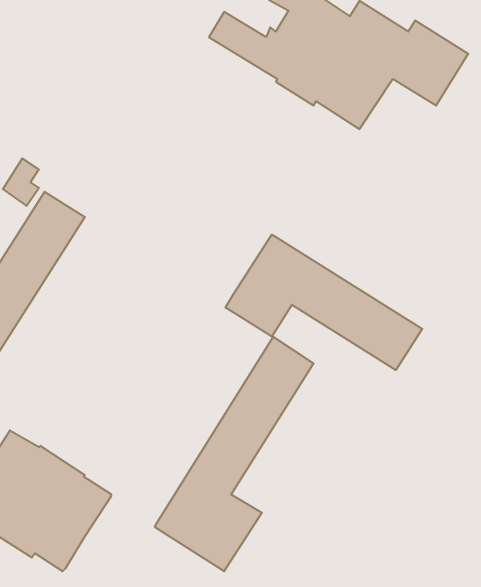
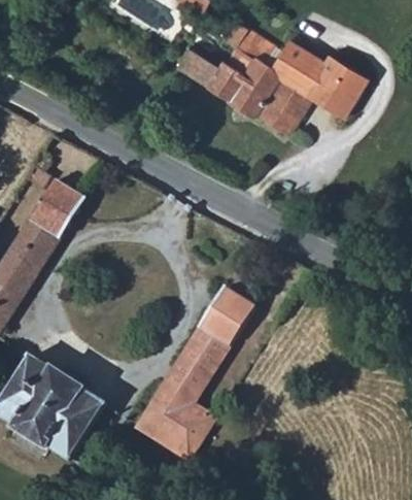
building: [225,235,422,370] -> none

